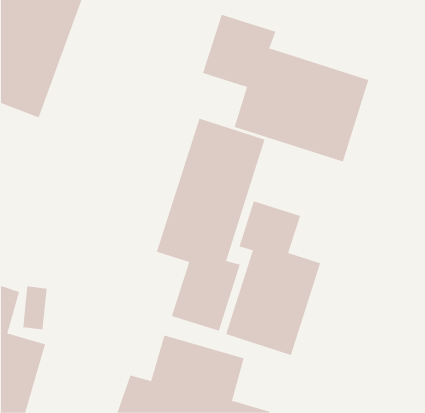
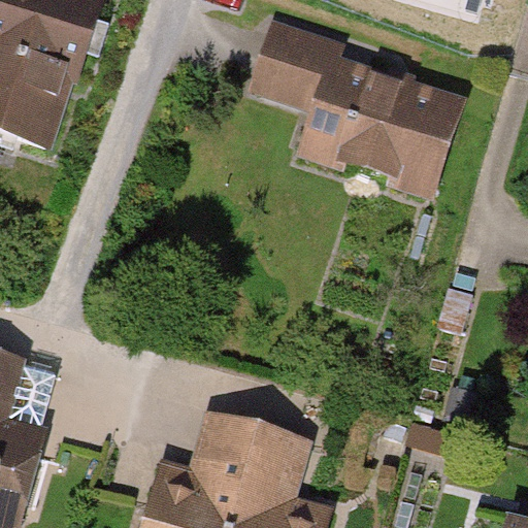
building: [156,118,265,331] -> none
building: [226,201,321,356] -> none

